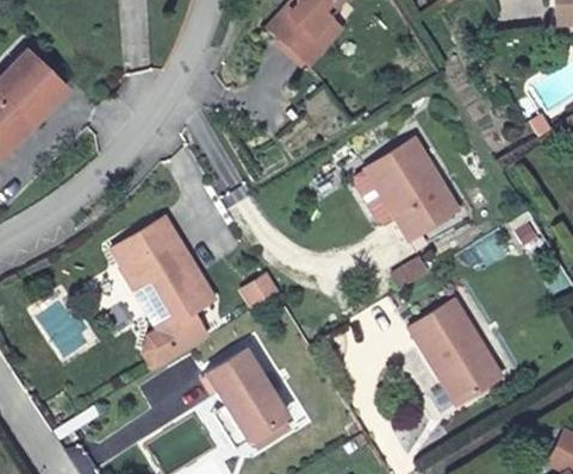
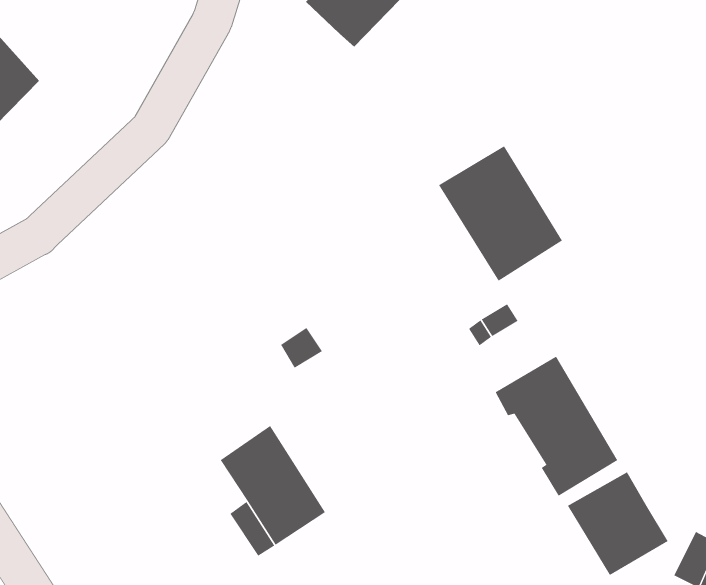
building: [112,220,212,367] -> none
building: none -> [567,472,669,576]

